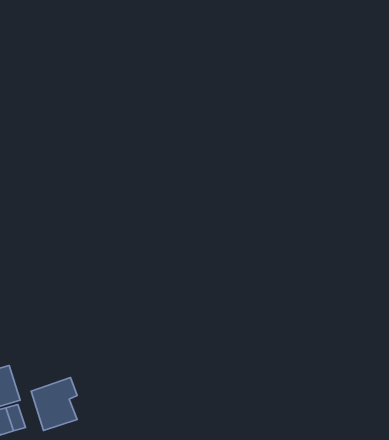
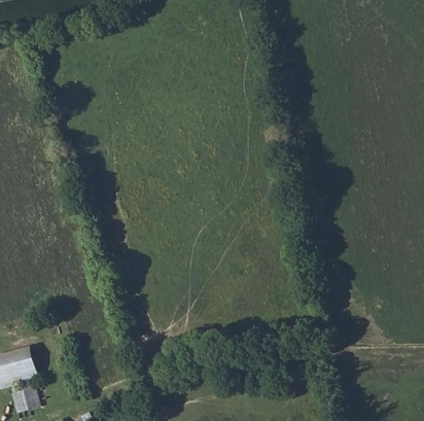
building: [31,377,77,431] -> none

